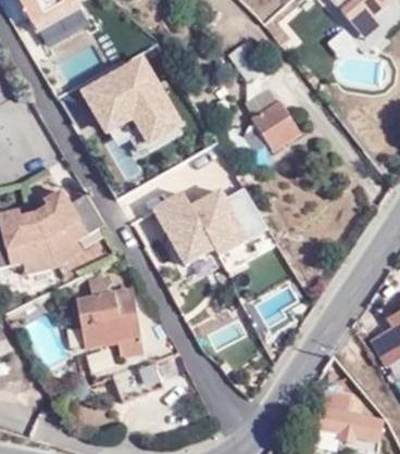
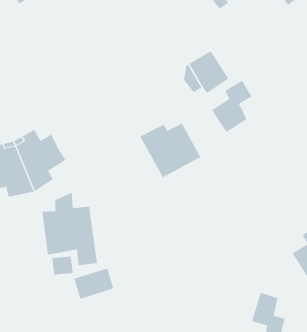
building: [79,54,178,147] -> none
building: none -> [211,80,252,133]
building: [153,192,214,263] -> none

